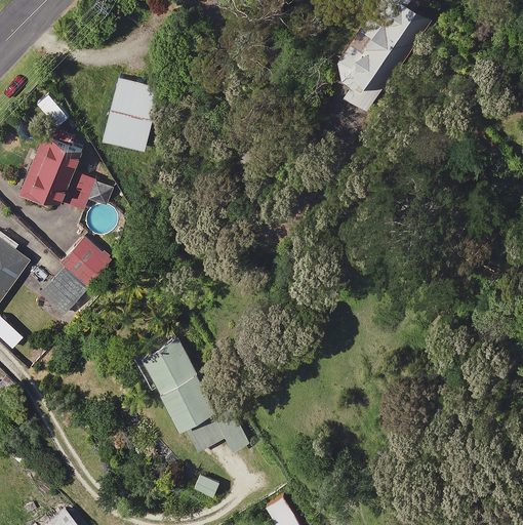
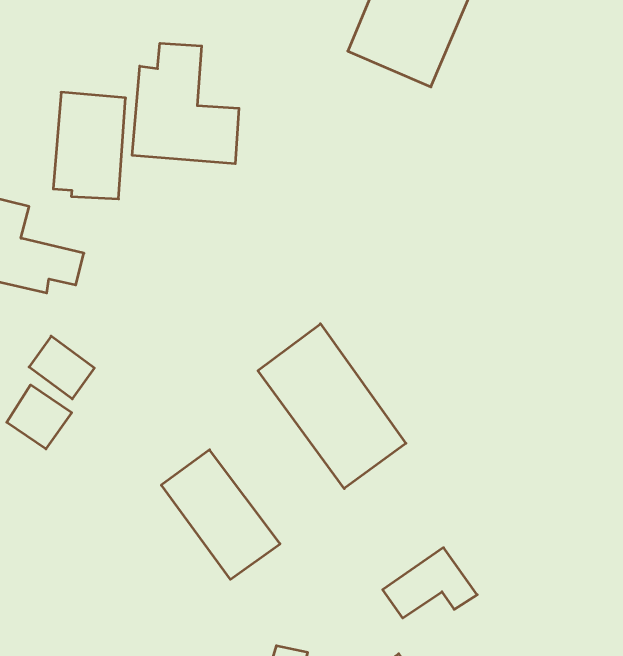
building: none -> [132,43,239,164]
building: none -> [258,324,406,489]
building: [187,410,250,453] -> [383,548,477,618]

